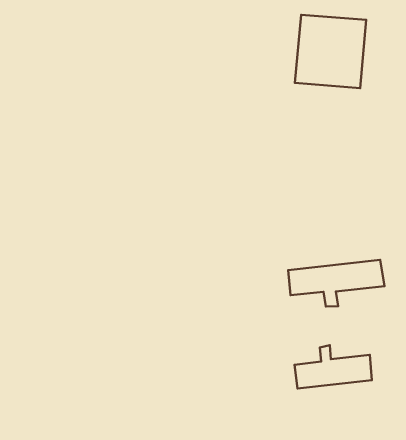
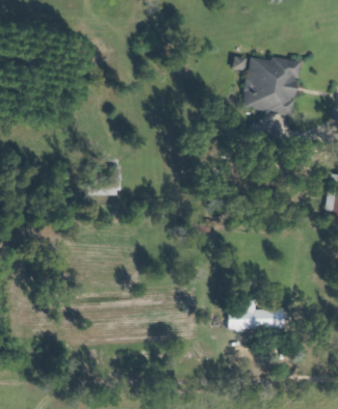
building: [288,260,384,307] -> none

